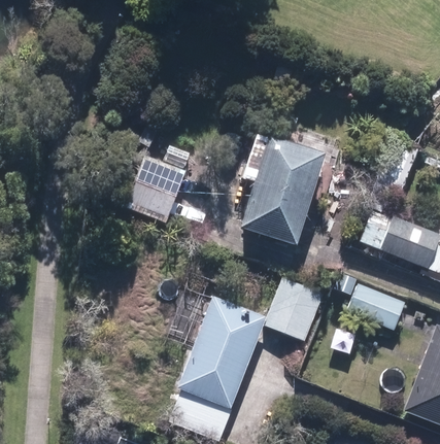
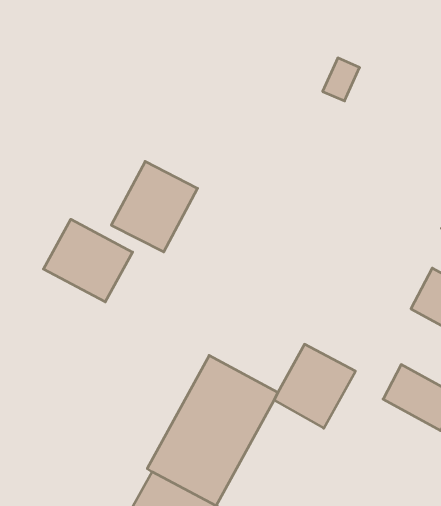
building: [237,137,323,247] -> none
building: none -> [43,219,133,302]

